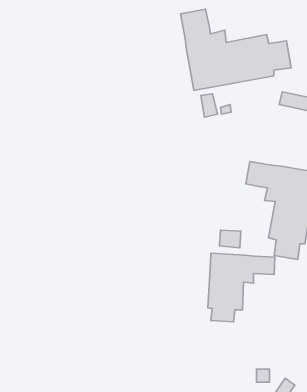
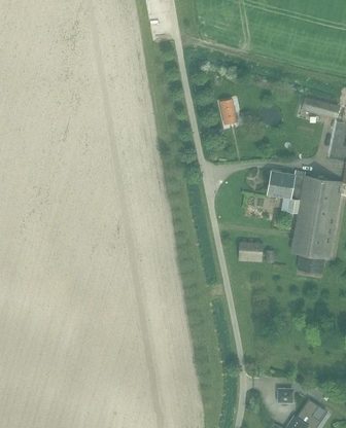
building: [180,9,291,90] -> none
building: [208,253,275,322] -> none

